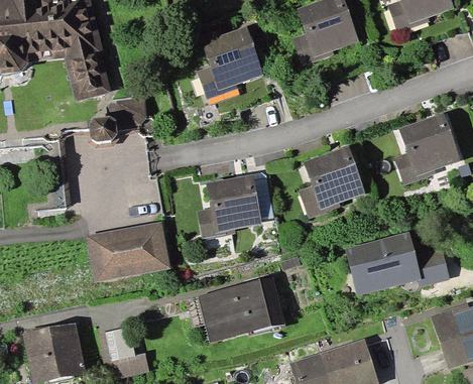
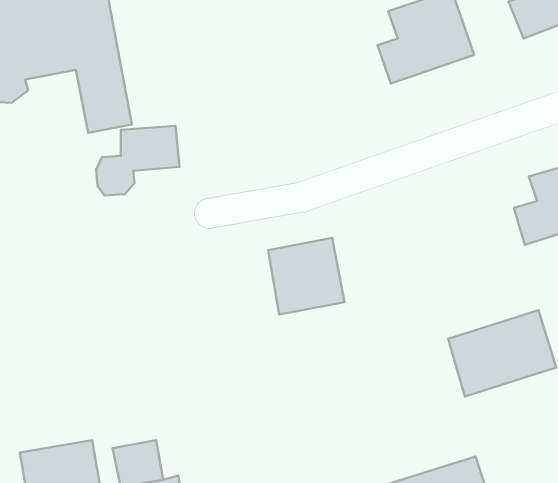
building: [194,27,260,95] -> none
building: [297,153,366,216] -> none
building: [82,222,166,282] -> none
building: [200,277,286,343] -> none

